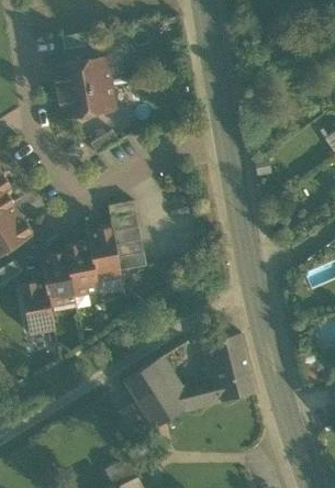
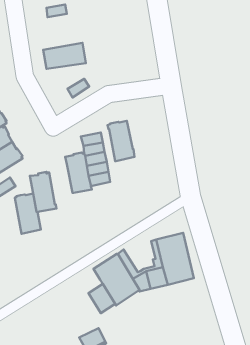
building: [54,57,110,92] -> none
building: [64,243,99,296] -> [108,121,134,161]

